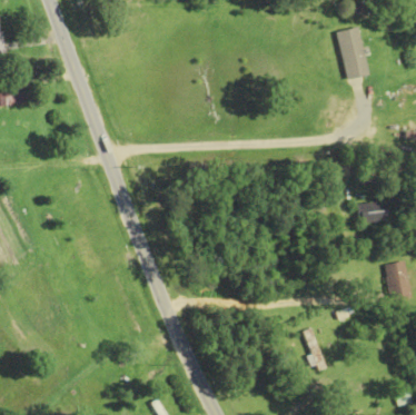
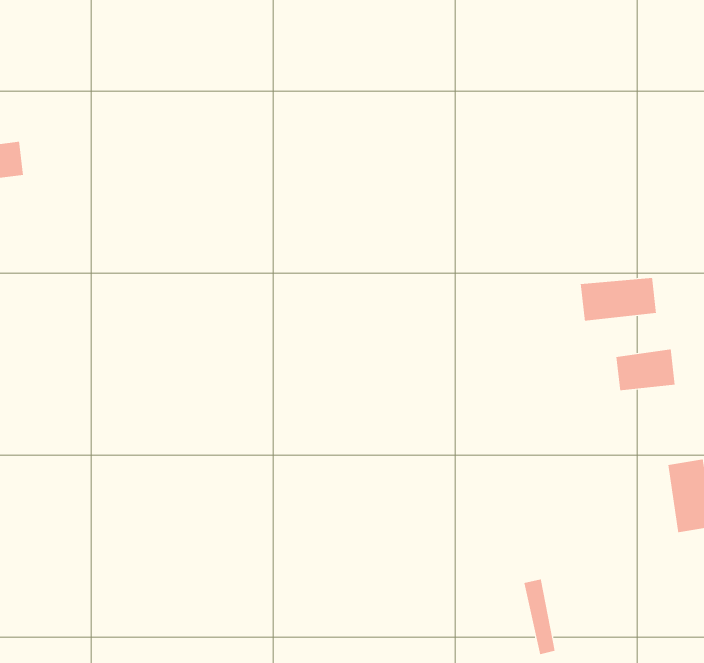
building: [337,27,368,79] -> none
building: none -> [580,277,656,322]

